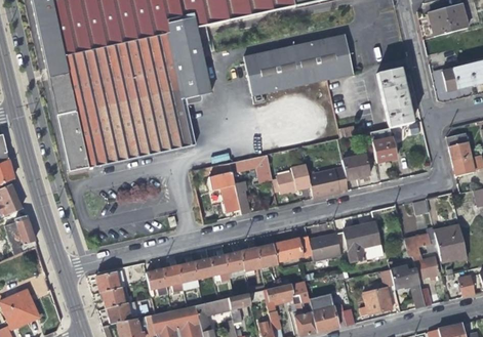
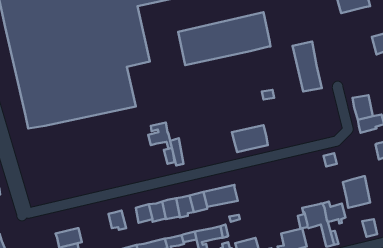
building: [441,64,474,90] -> none
building: [369,127,396,162] -> none
building: [340,153,369,178] -> none
building: [229,155,272,185] -> none
building: [276,164,309,194] -> none
building: [345,223,383,262] -> none
building: [405,227,439,257] -> none
building: [309,233,341,261] -> none
building: [177,262,199,291] -> none
building: [96,269,126,292] -> none
building: [146,269,168,296] -> none

